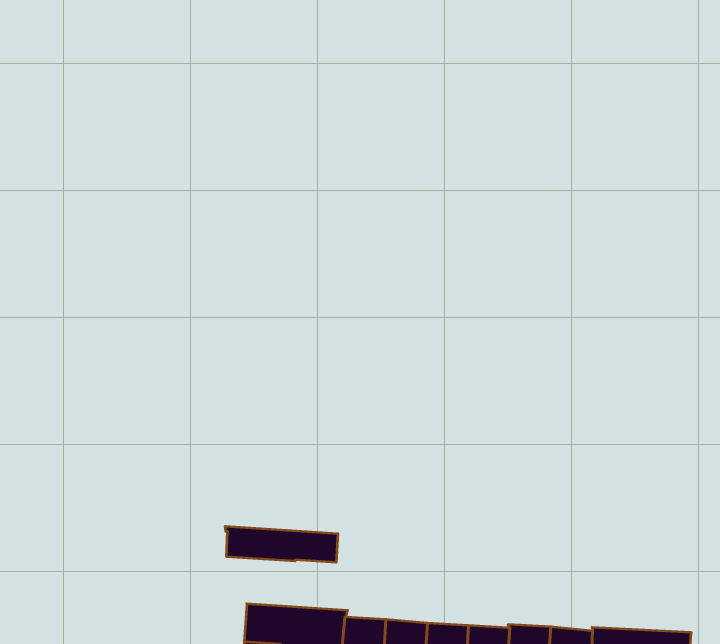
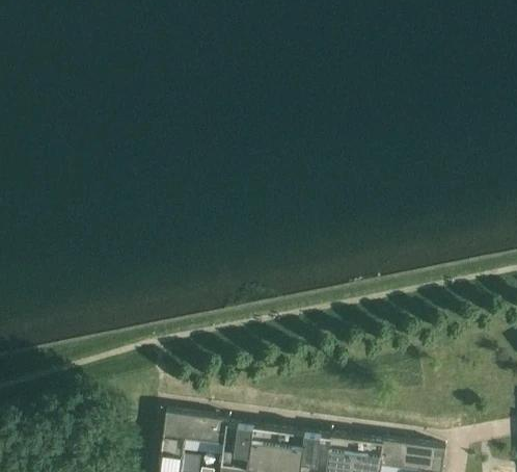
building: [225,526,338,562] -> none

